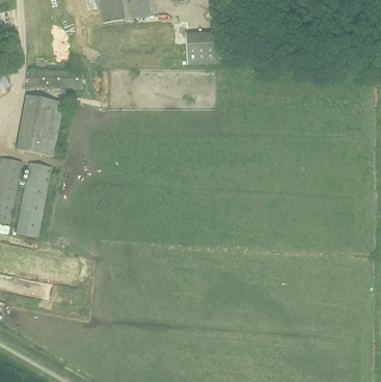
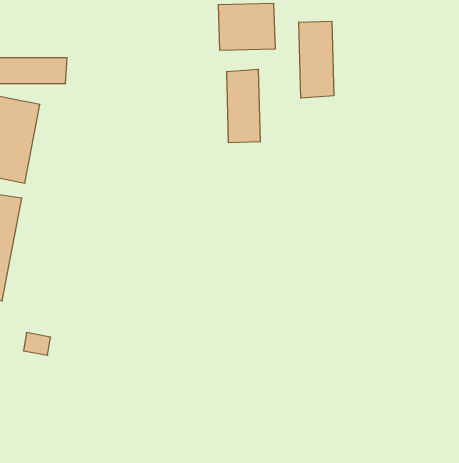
building: none -> [299,21,334,98]
building: none -> [227,69,260,143]

